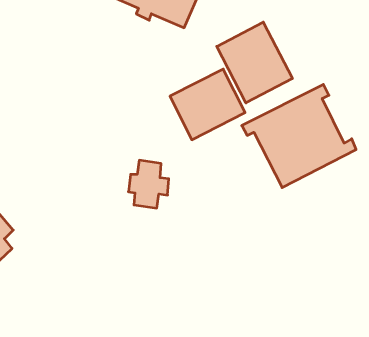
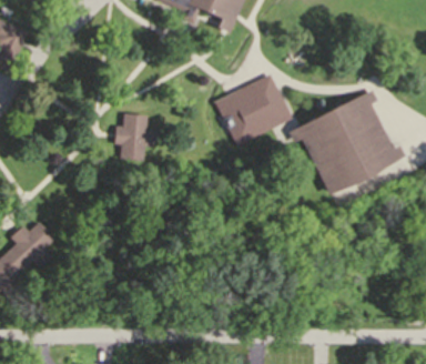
building: [217,22,292,103] -> none
building: [128,160,169,208] -> [114,111,155,160]

